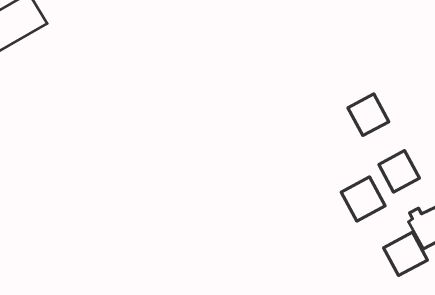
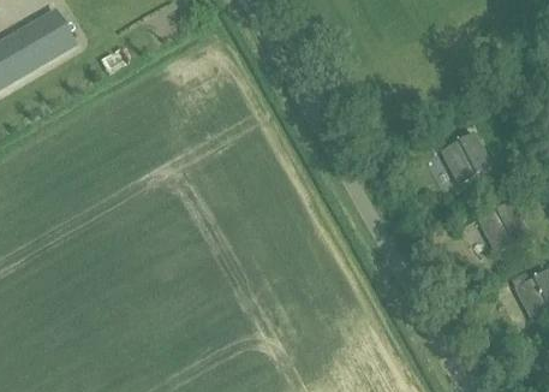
building: [341,177,385,221] -> none
building: [383,232,428,276] -> none

